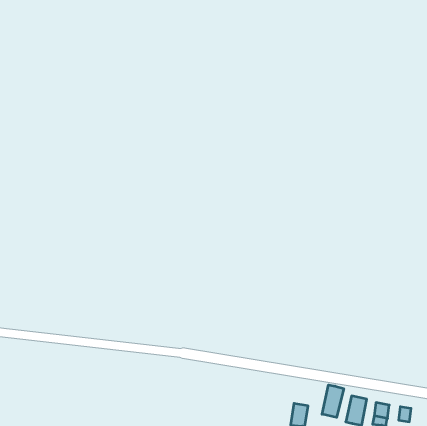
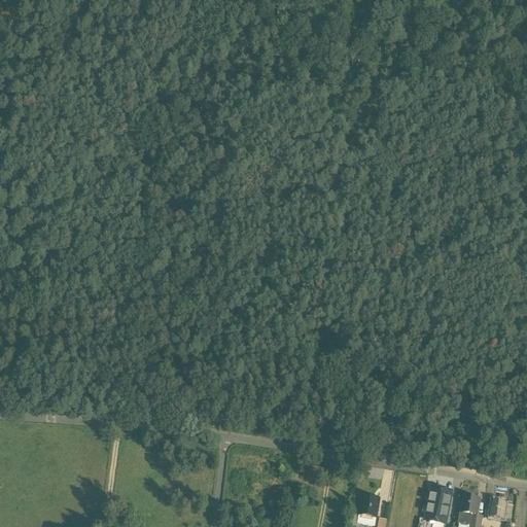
building: [322,385,344,417] -> none

